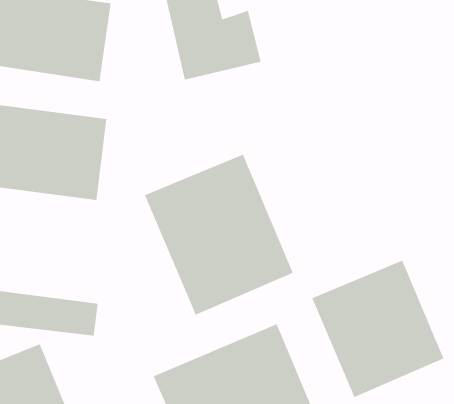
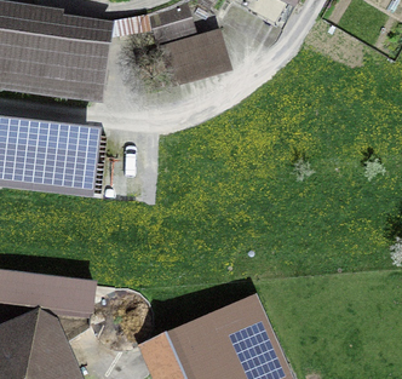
building: [144,154,293,315] -> none
building: [312,260,444,398] -> none

